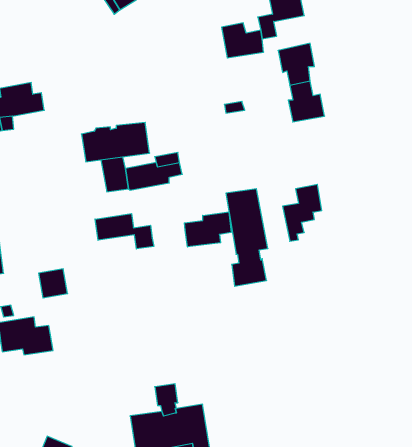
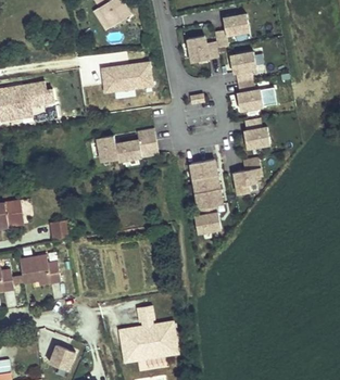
building: [81,122,150,162] -> [101,62,152,91]
building: none -> [243,117,269,148]
building: [184,212,231,247] -> none
building: [95,214,154,249] -> none

